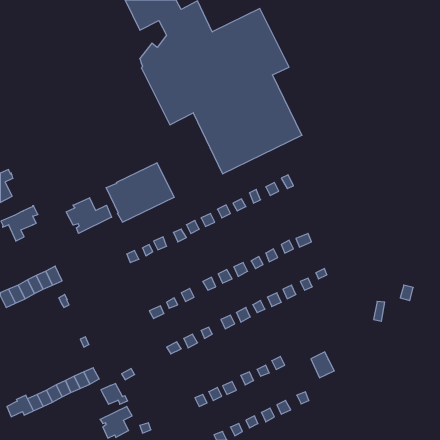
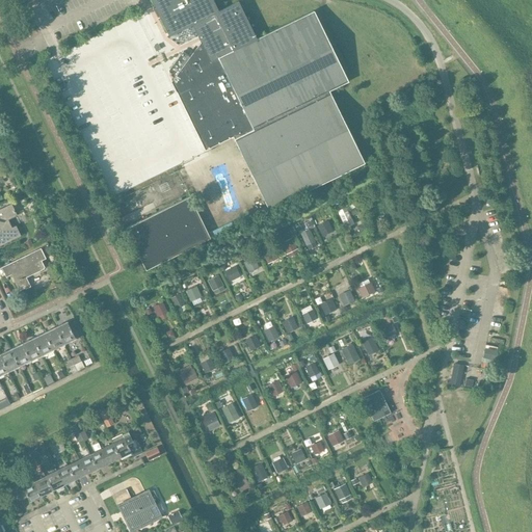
building: [66,198,112,233] -> none
building: [311,352,334,378] -> [364,391,392,422]
building: [101,384,128,404] -> [111,432,143,457]

